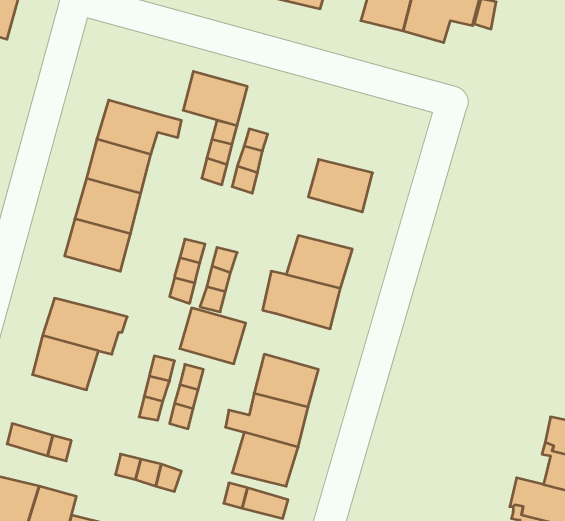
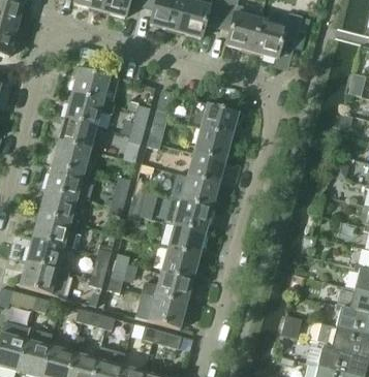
building: [183,71,247,126] -> [71,68,111,101]
building: none -> [199,102,240,136]
building: none -> [187,151,226,183]
building: none -> [38,187,79,221]
building: [180,308,246,364] -> [166,222,207,256]
building: none -> [19,259,69,296]

